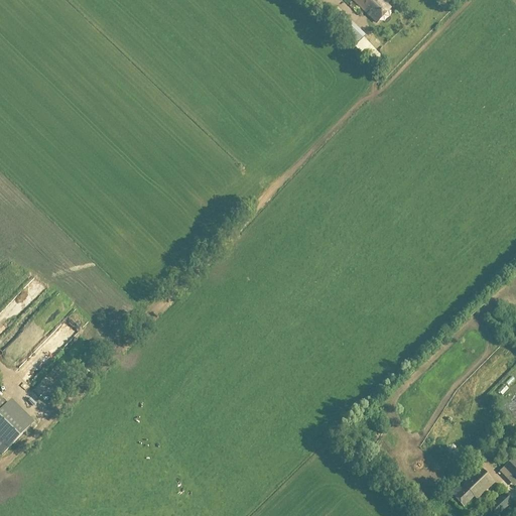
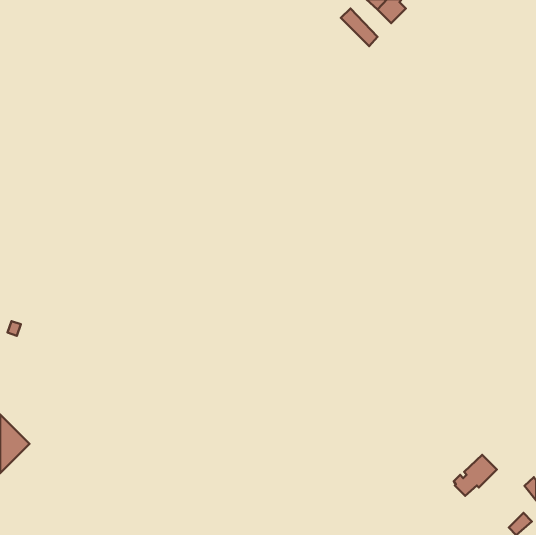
building: [452,468,493,507] -> [454,455,497,496]

